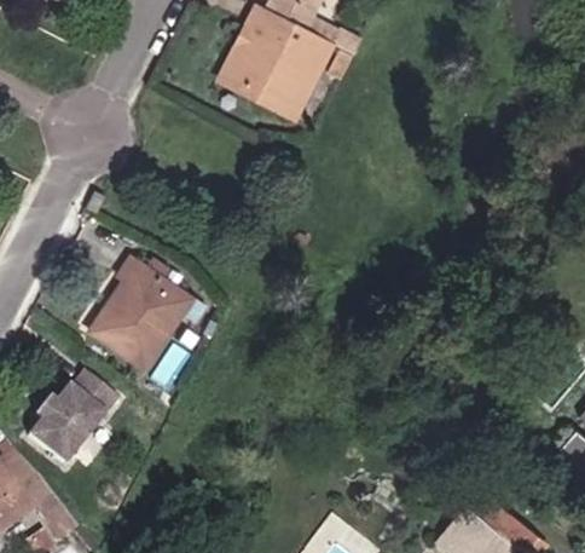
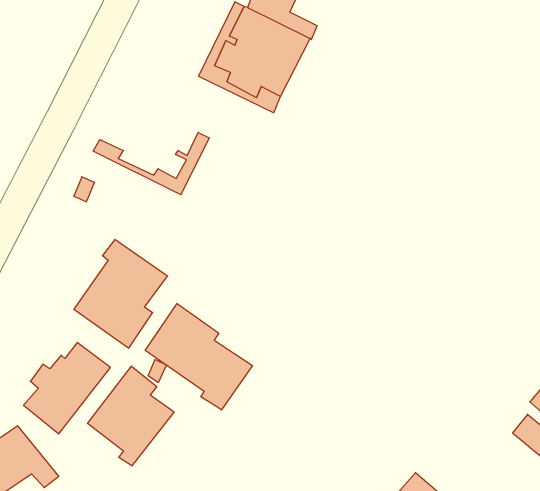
building: none -> [93,132,209,195]
building: none -> [145,304,252,410]
building: none -> [88,366,174,466]

